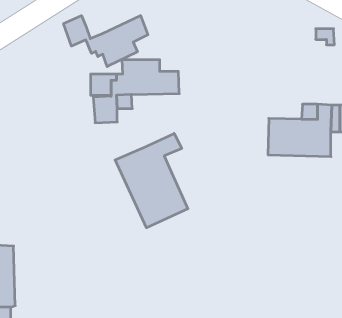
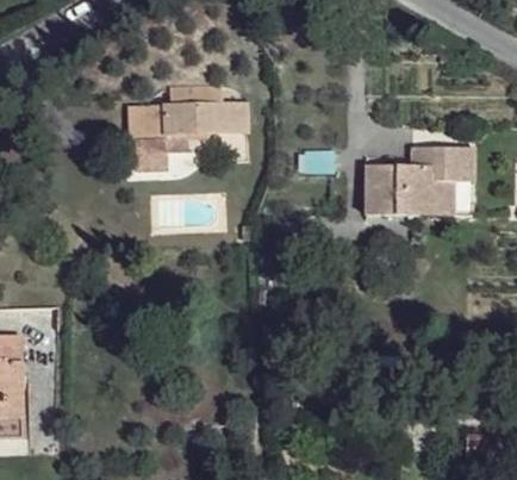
building: [64,16,148,67] -> none
building: [115,133,188,228] -> none

